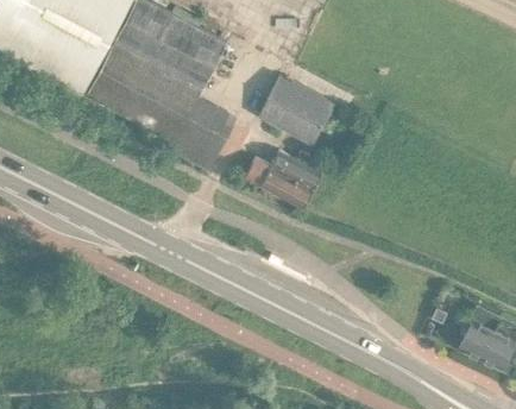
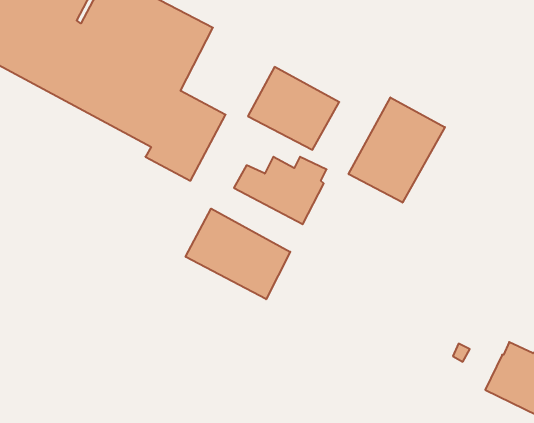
building: none -> [349,97,445,203]
building: none -> [186,209,290,299]

